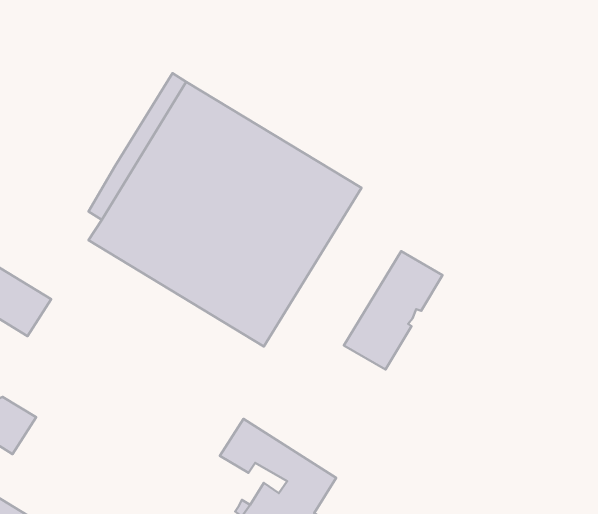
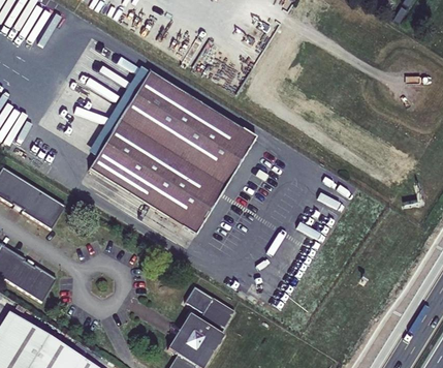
building: [344,251,443,370] -> none

